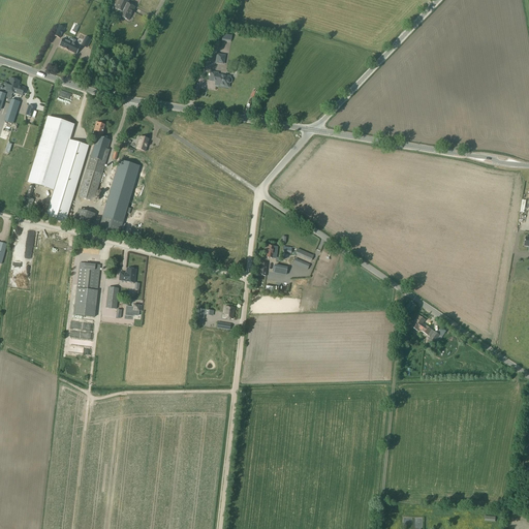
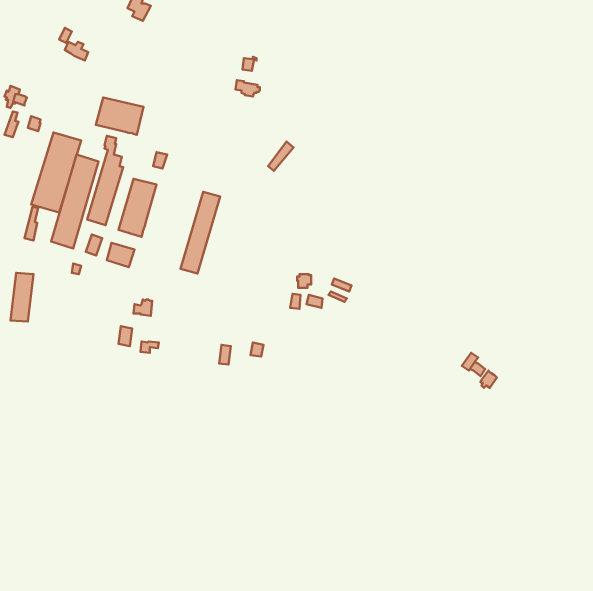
building: none -> [96,98,143,135]
building: none -> [180,192,220,274]
building: [73,261,100,315] -> none

